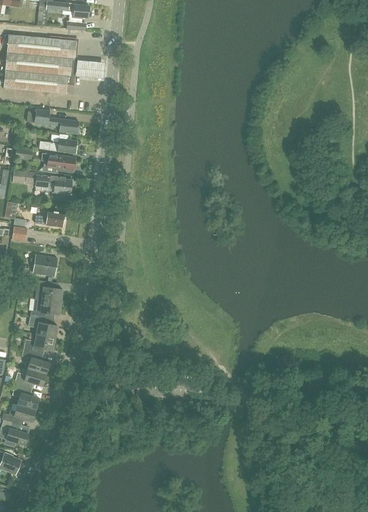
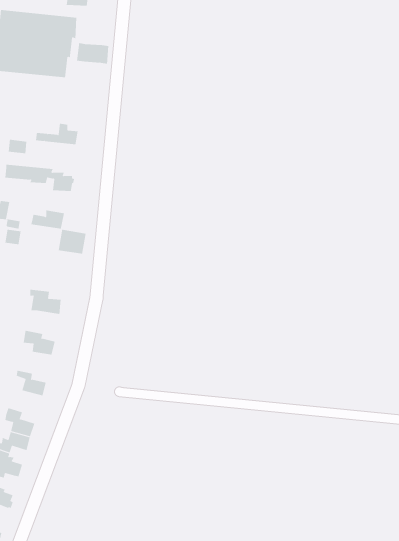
building: [35,108,79,133] -> none
building: [43,153,76,171] -> none
building: [33,253,58,275] -> [58,229,86,254]
building: [30,298,61,318] -> none
building: [23,334,54,353] -> none
building: [15,368,46,387] -> none

